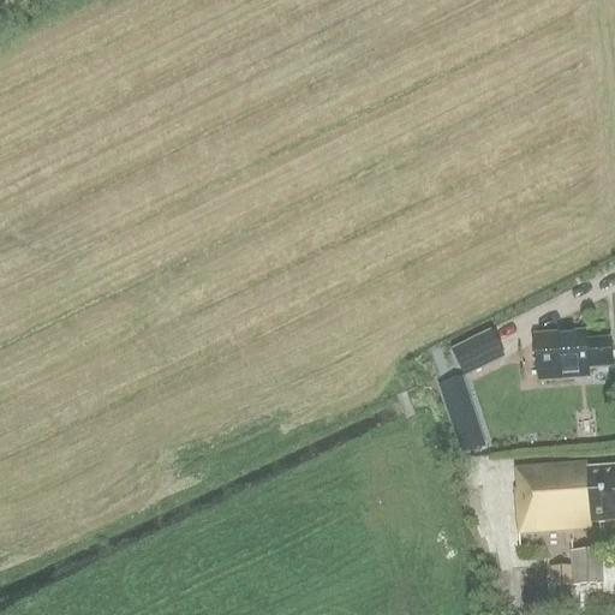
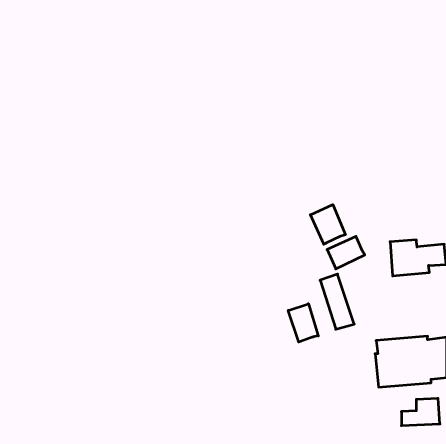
building: none -> [310,205,345,244]
building: none -> [288,304,318,342]

